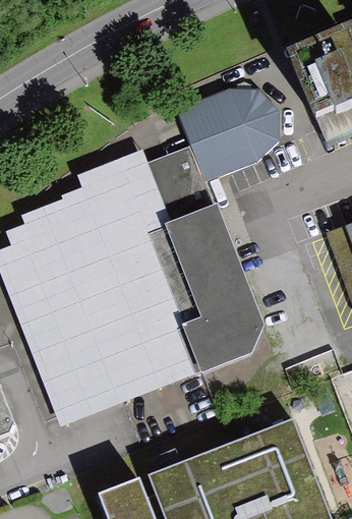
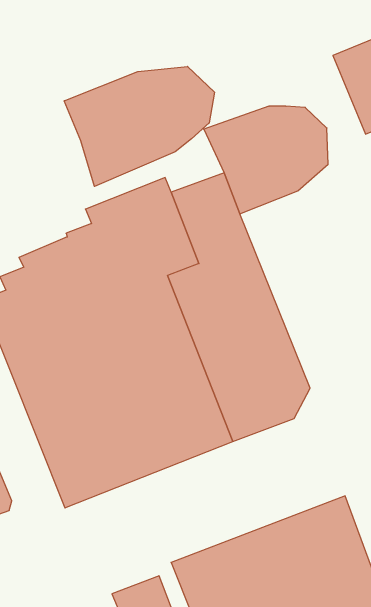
building: none -> [64,66,214,186]

